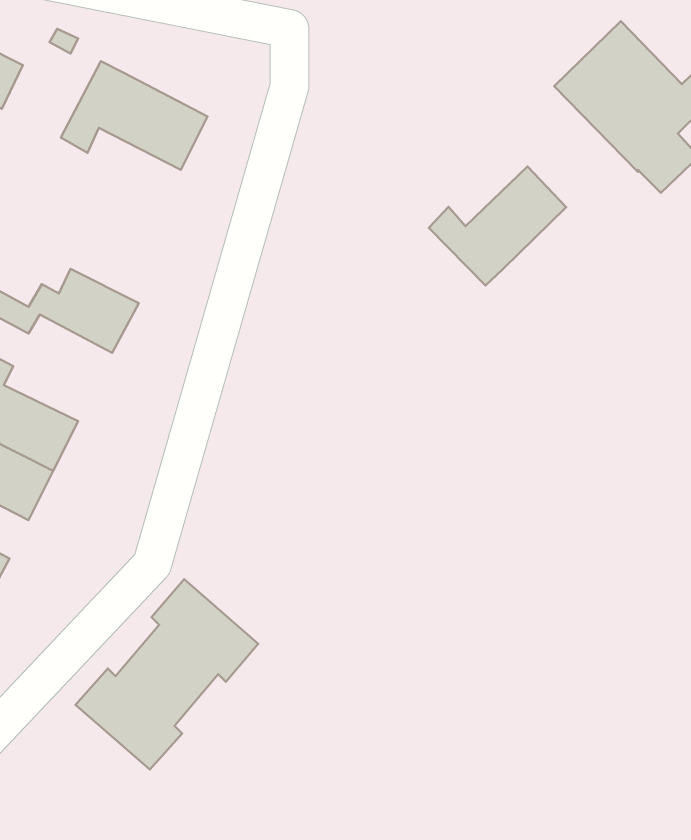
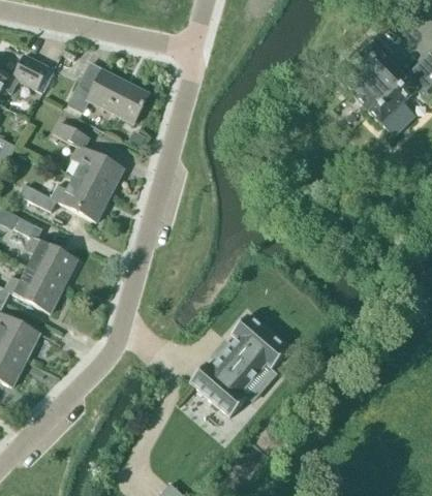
building: [429,167,566,285] -> none
building: none -> [53,122,124,194]
building: [75,579,258,770] -> [189,313,288,416]

